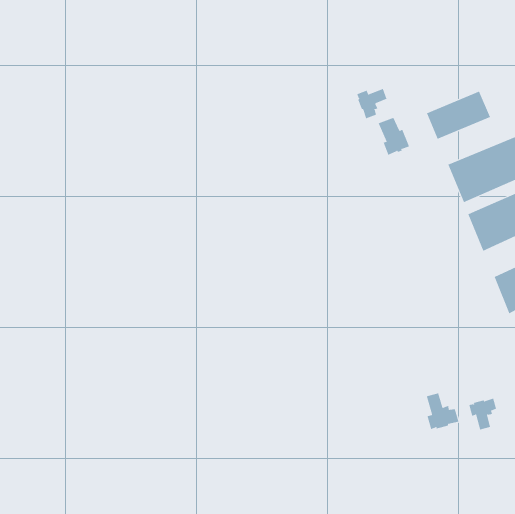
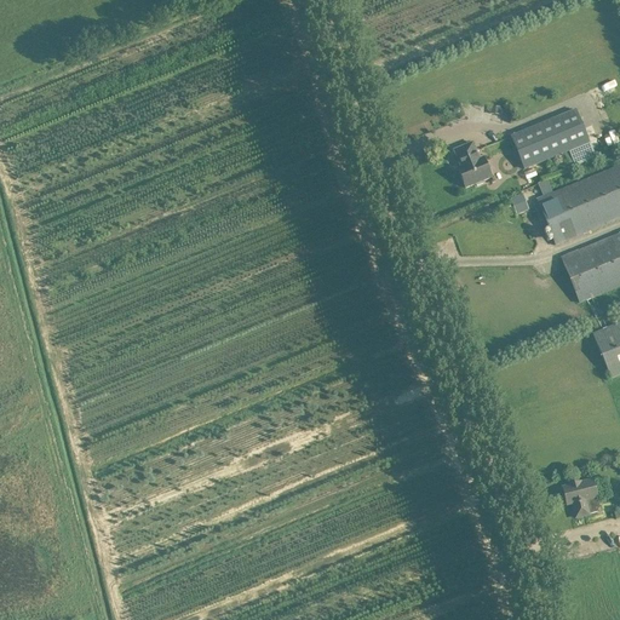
building: [356,88,387,119] -> none
building: [426,392,459,430] -> none

